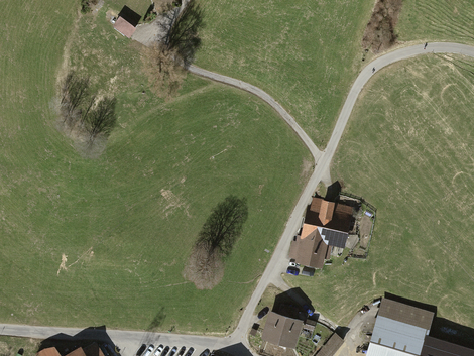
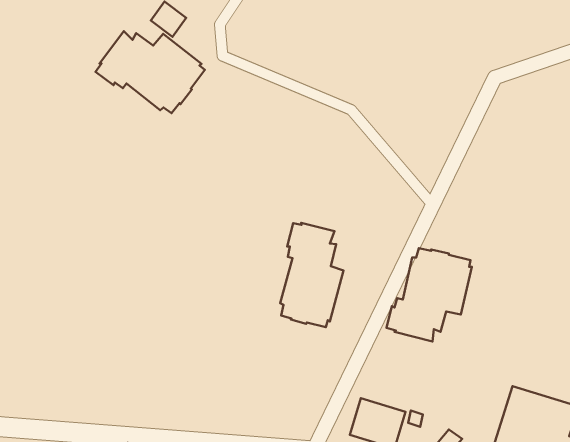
building: none -> [96,31,205,113]
building: none -> [280,223,344,327]

